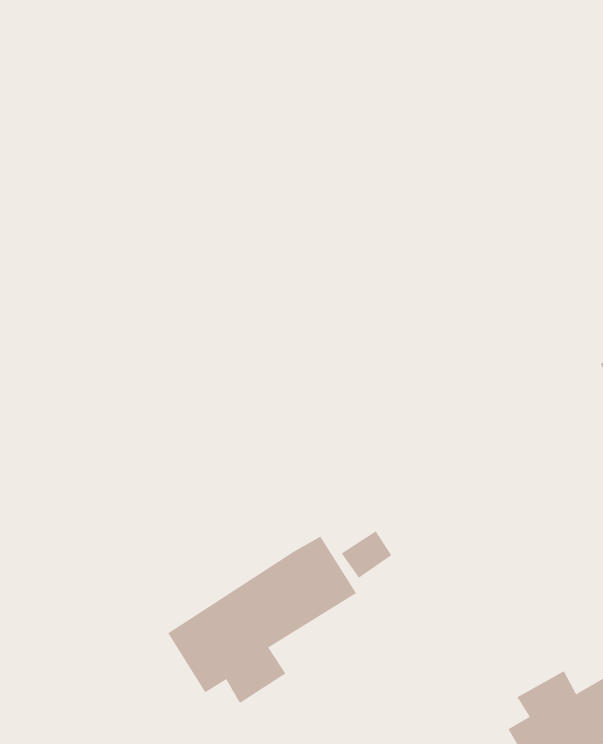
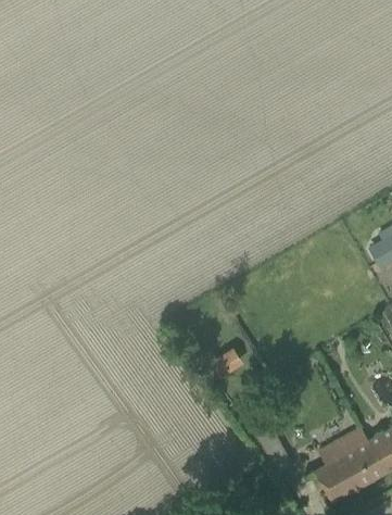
building: [168,536,357,704] -> none

